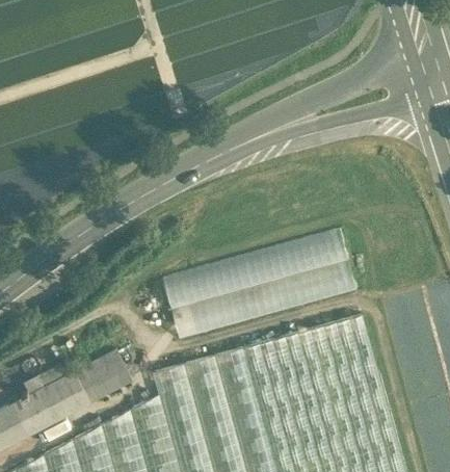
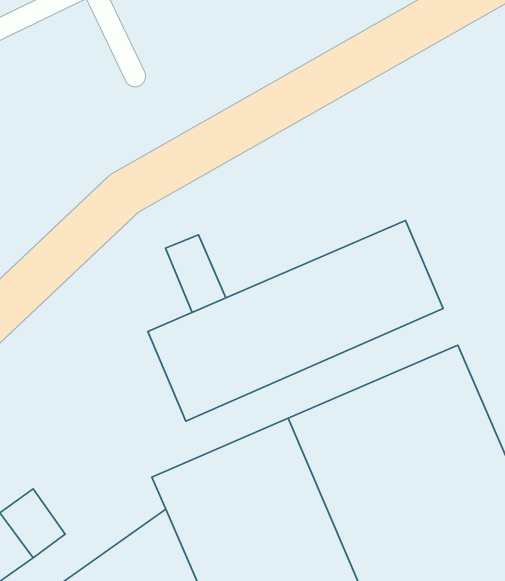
building: none -> [166,235,226,312]
building: [73,347,131,401] -> none

